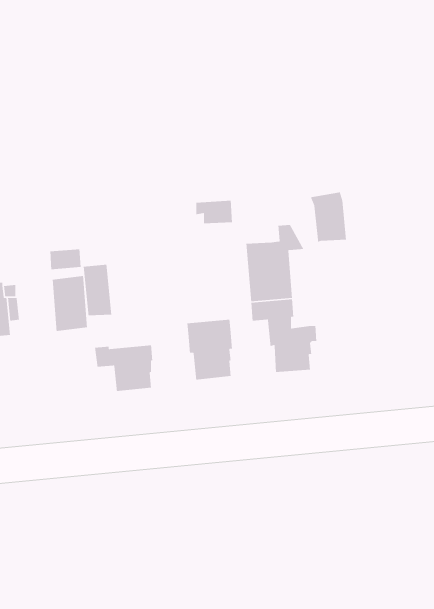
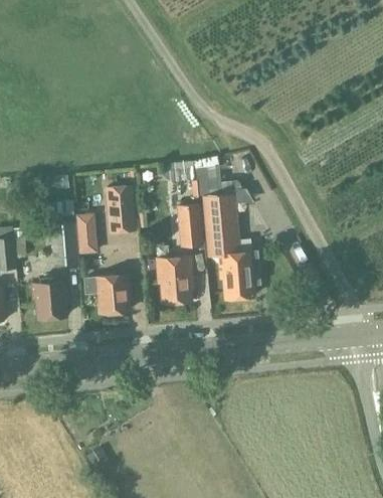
building: [310,192,347,243] -> [194,158,223,198]
building: none -> [106,184,138,234]
building: none -> [177,204,204,248]
building: none -> [33,282,68,319]

